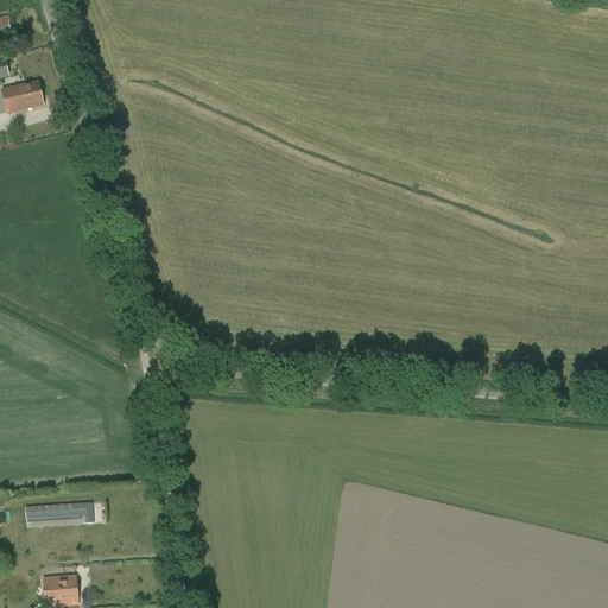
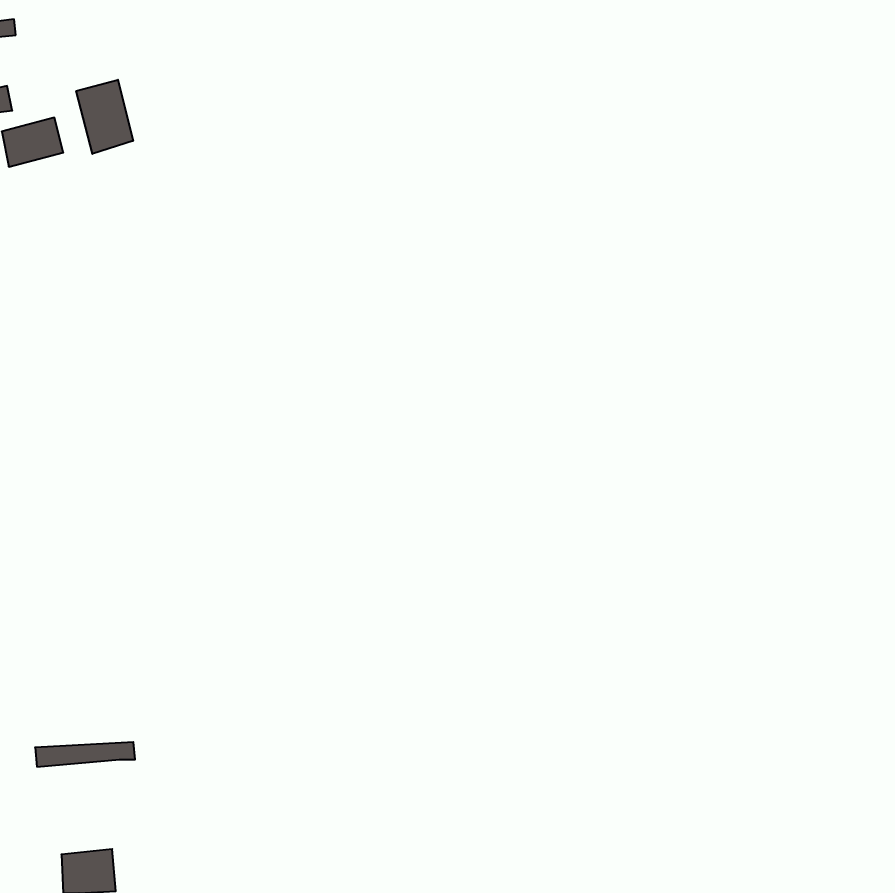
building: none -> [76,80,133,154]

